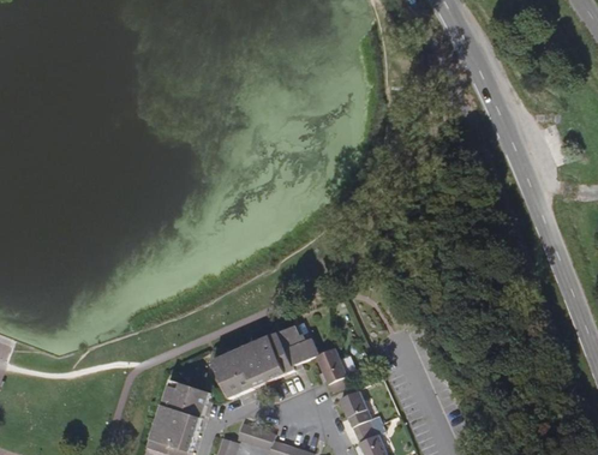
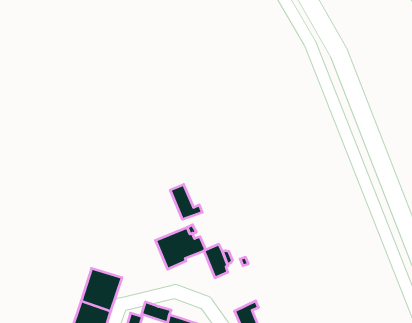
building: none -> [170,184,202,219]
building: [211,343,268,399] -> none
building: [337,390,382,435] -> none

